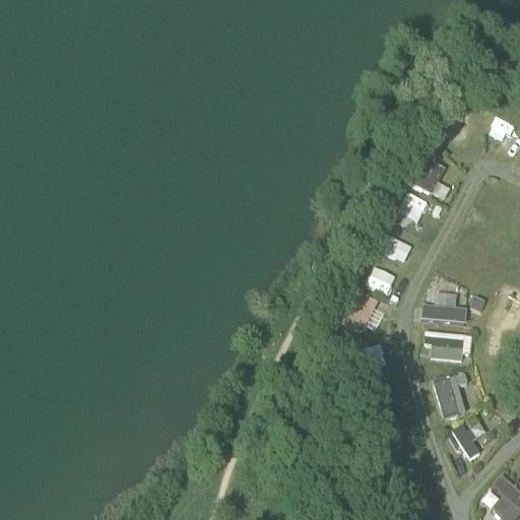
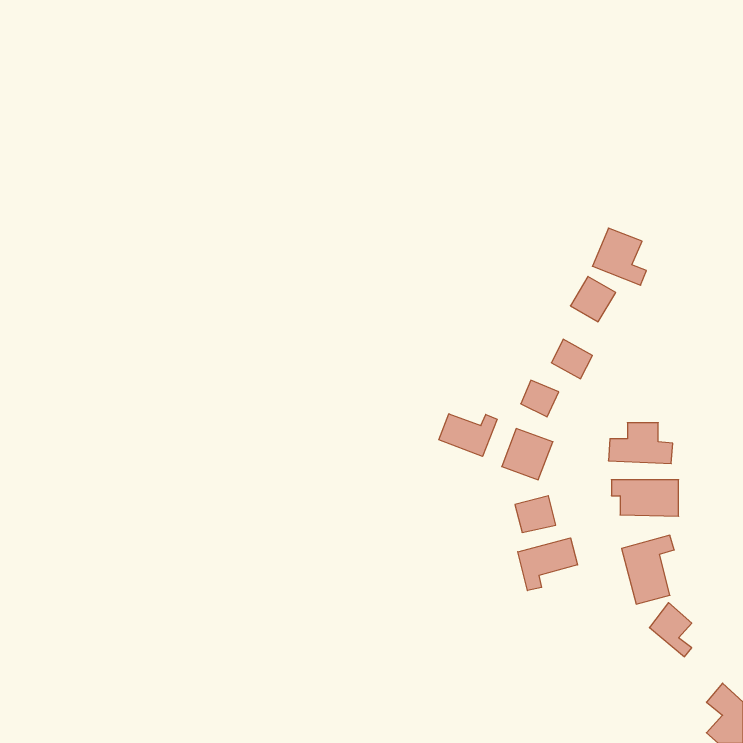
building: none -> [439,414,497,456]
building: none -> [518,538,578,591]

